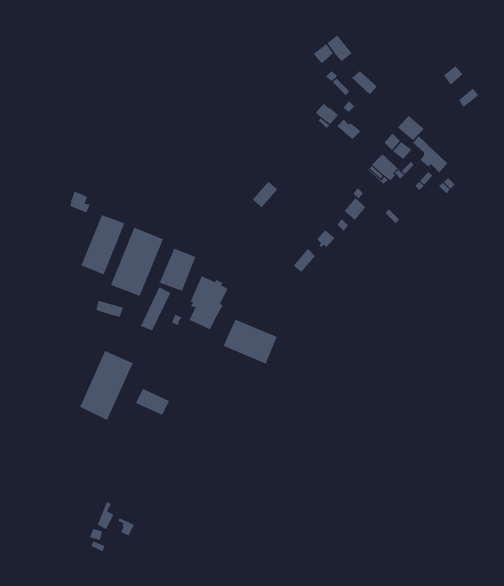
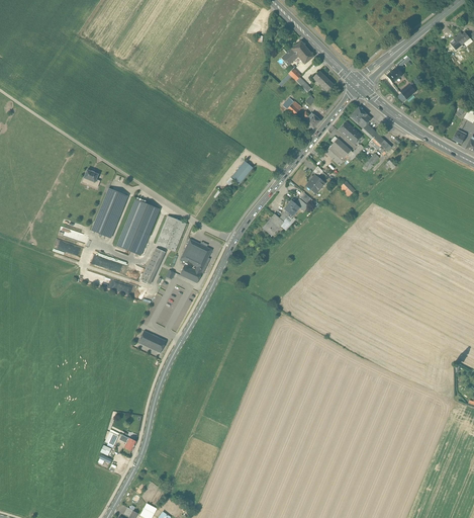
building: [223,319,278,365] -> none
building: [79,350,133,421] -> none

